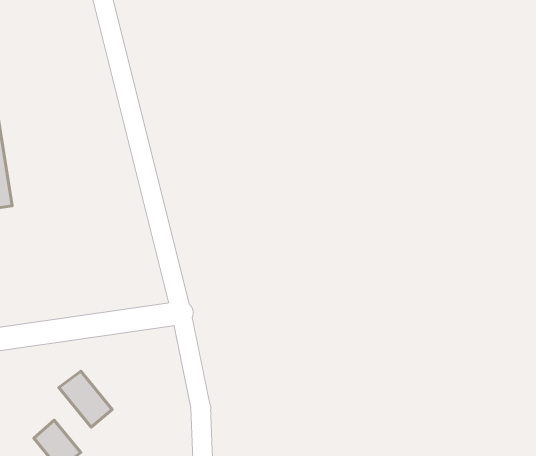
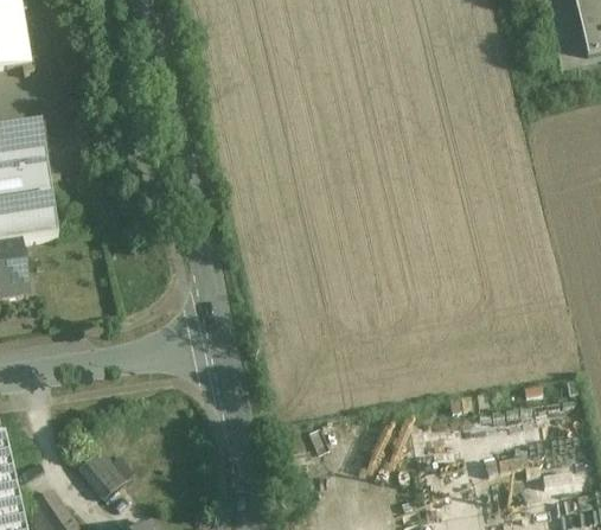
building: [59,371,112,427] -> none

